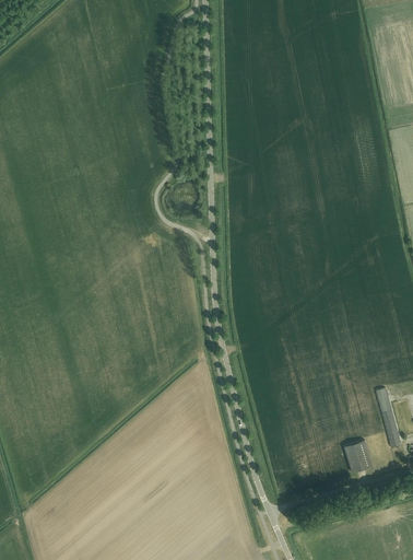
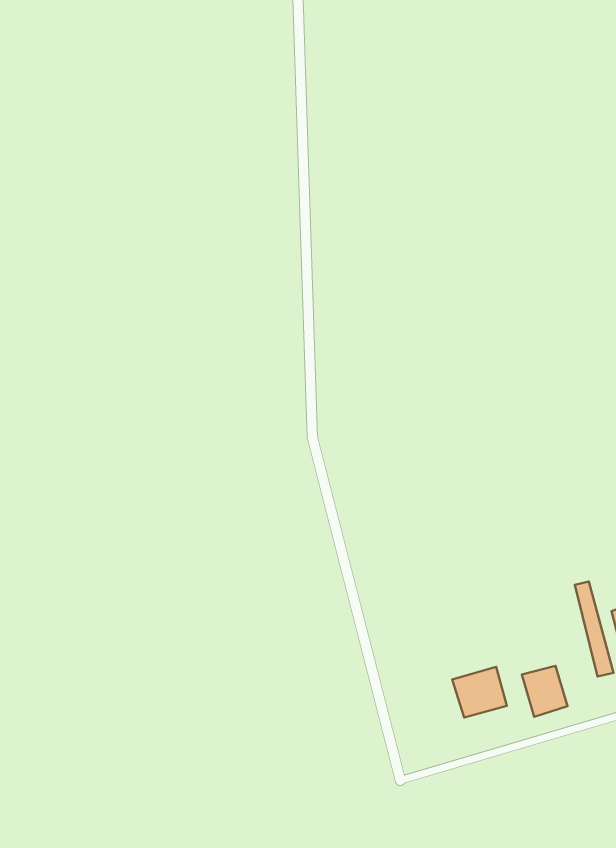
building: none -> [452,667,507,718]

